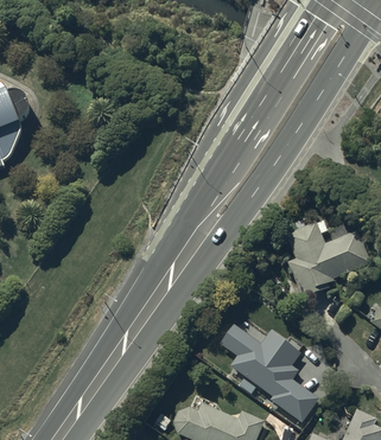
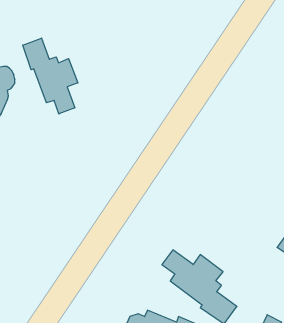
building: none -> [23,38,78,114]
building: [287,222,369,299] -> none

